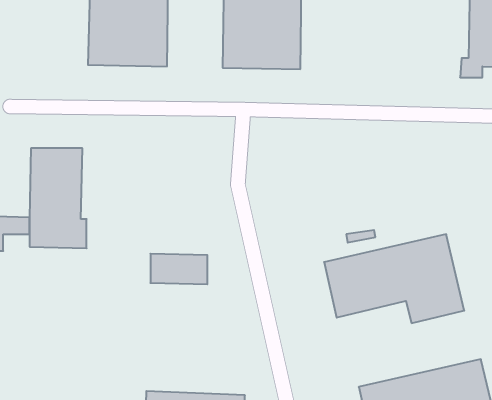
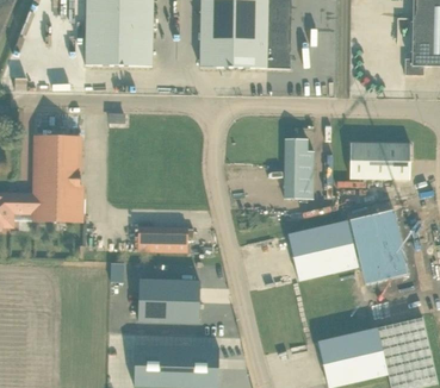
building: none -> [284,138,312,199]
building: none -> [349,143,410,180]
building: none -> [138,279,200,324]

